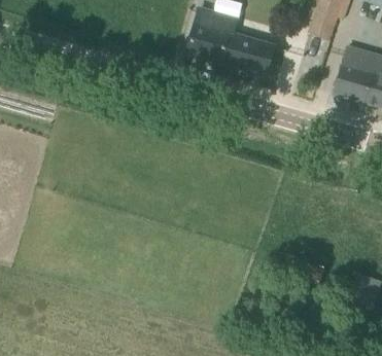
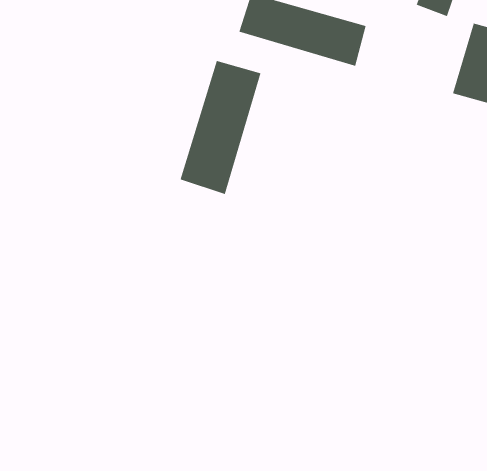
building: none -> [180,60,261,195]

